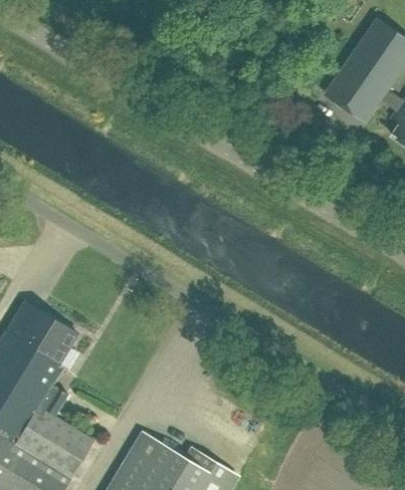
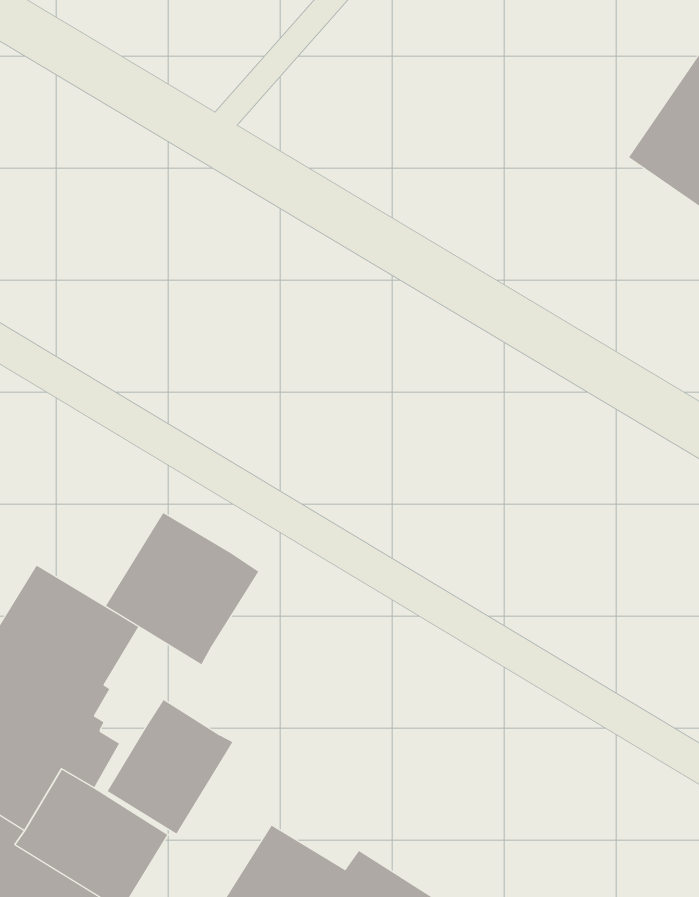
building: none -> [105,512,259,665]
building: none -> [107,699,233,834]

